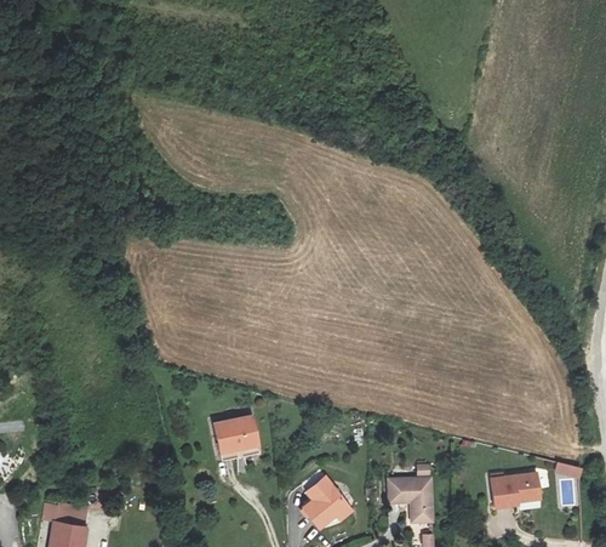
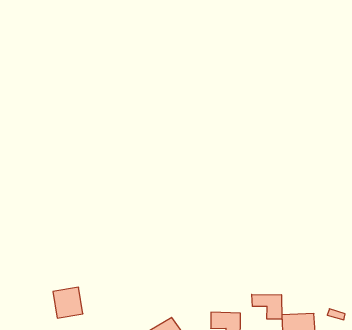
building: [213,414,258,460] -> [53,287,83,318]
building: none -> [252,294,282,319]

